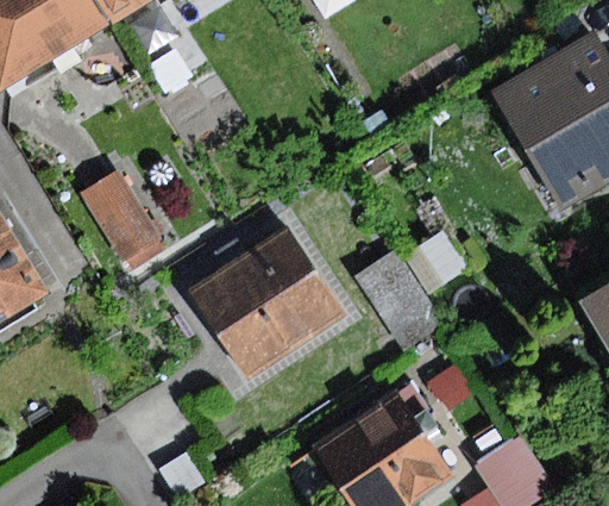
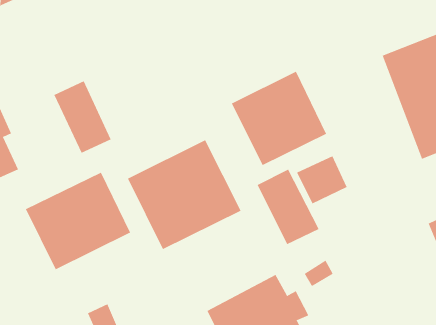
building: none -> [231,71,327,166]
building: none -> [25,172,131,270]

